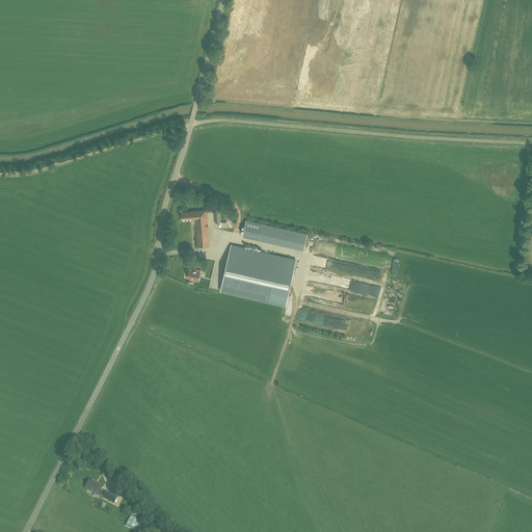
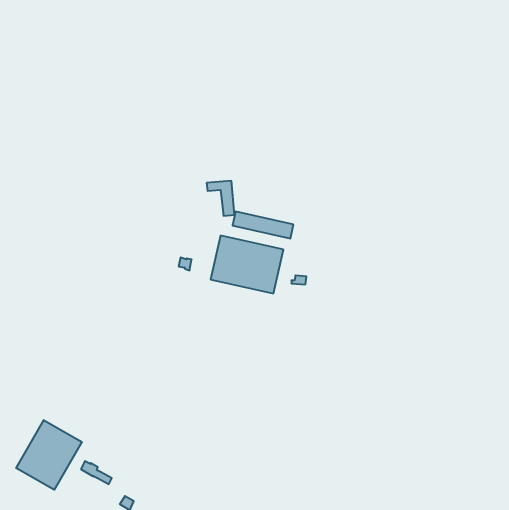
building: [180,210,209,246] -> [207,181,234,216]
building: none -> [16,420,82,490]

